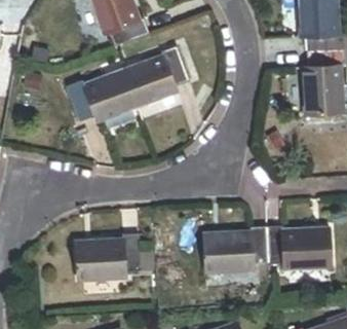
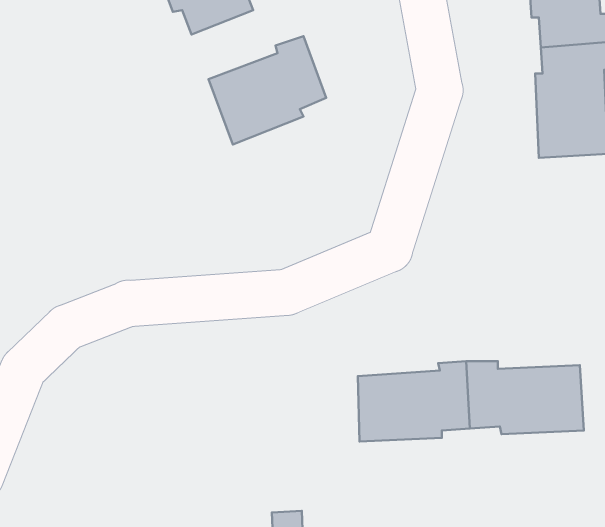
building: [68,71,138,122] -> none
building: [78,233,152,280] -> none

